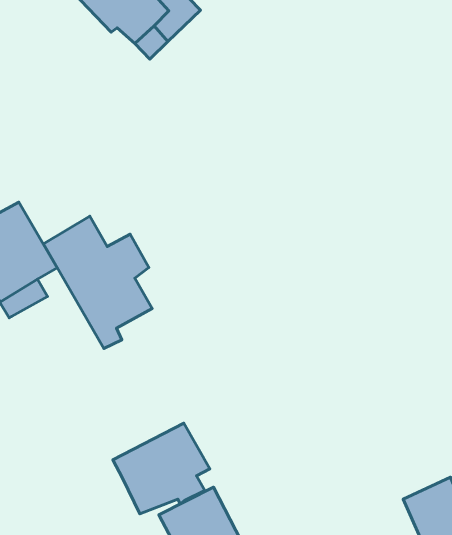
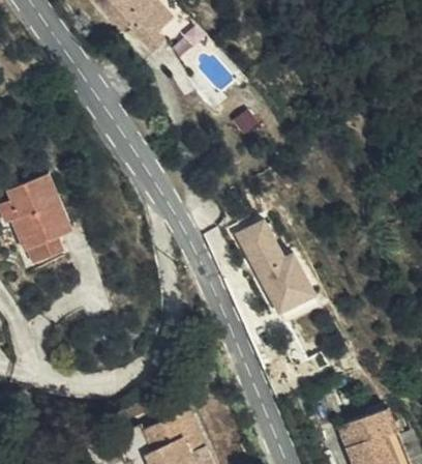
building: [44,216,152,349] -> none
building: none -> [236,218,319,317]
building: [113,423,210,514] -> none

